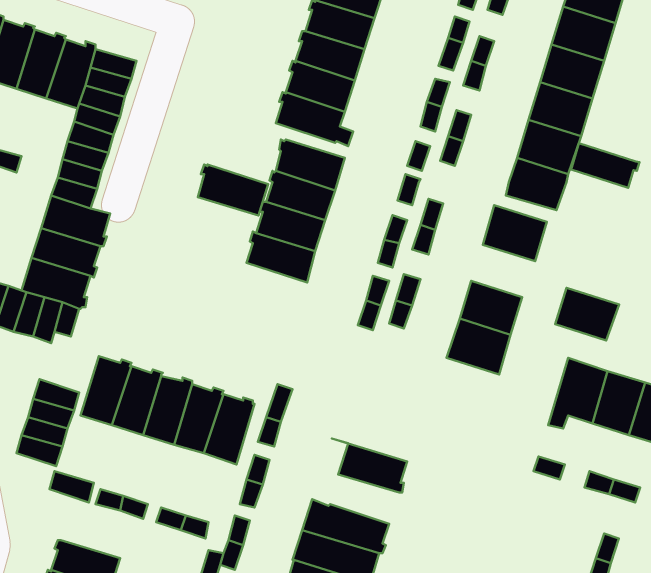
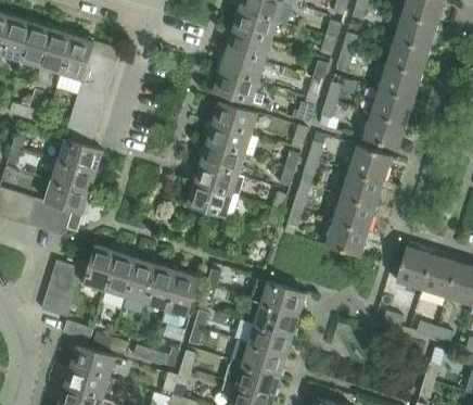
building: [571,143,639,188] -> none
building: [198,164,268,215] -> [187,182,233,216]
building: [555,288,619,341] -> [342,170,384,205]
building: none -> [250,278,306,315]
building: none -> [248,322,294,355]
building: none -> [71,344,116,378]

